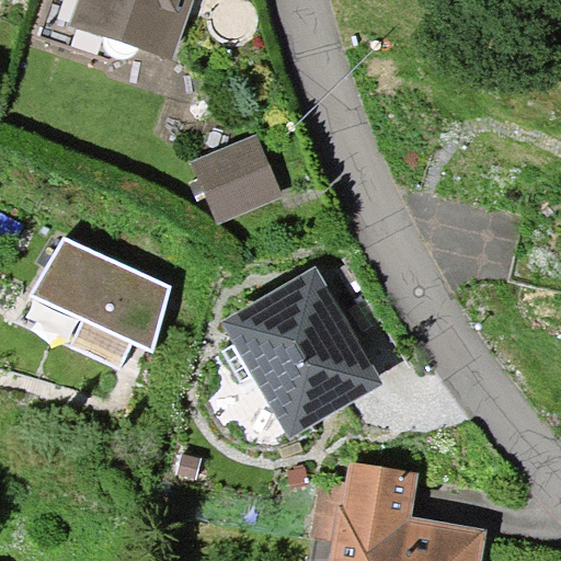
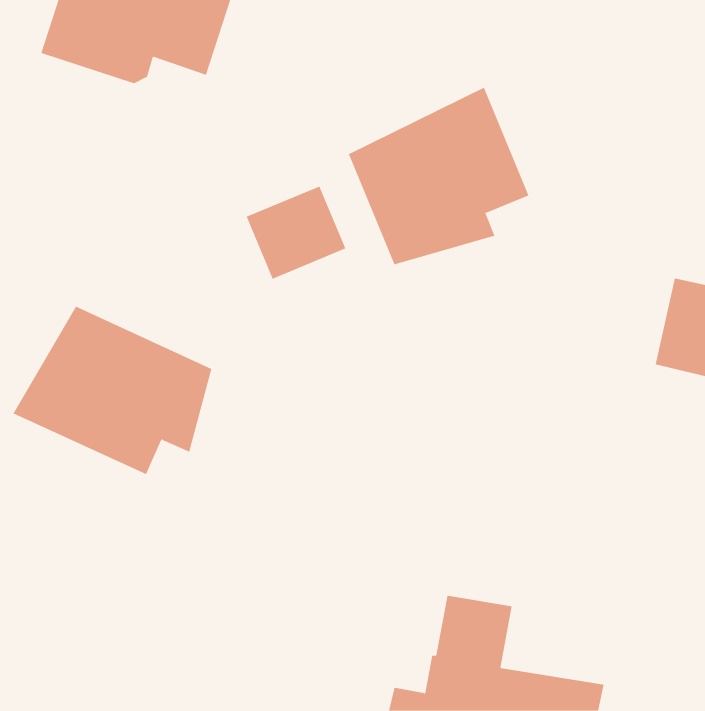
building: none -> [348,87,529,265]
building: [236,263,377,414] -> none

